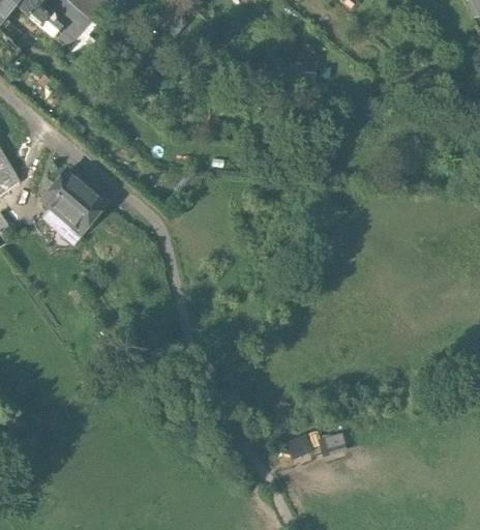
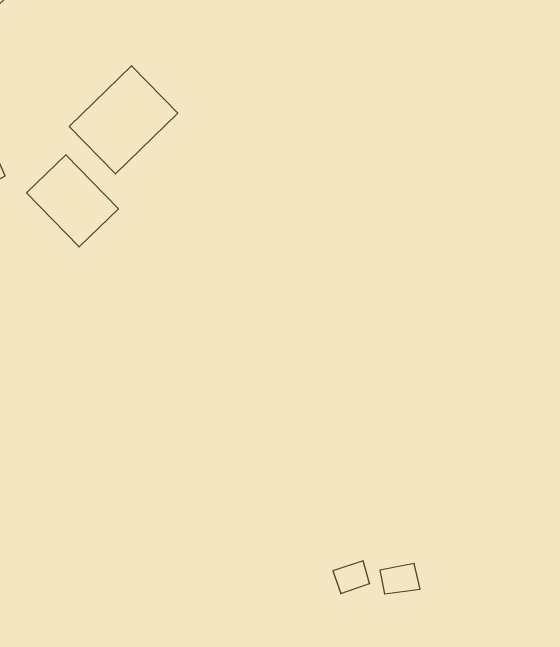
building: none -> [69,66,178,174]

